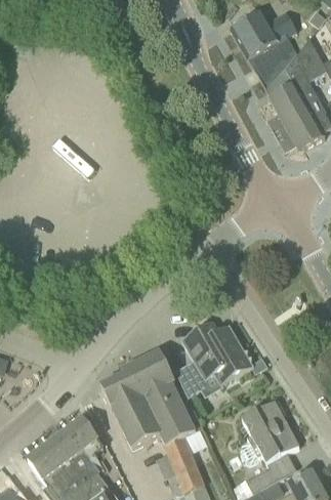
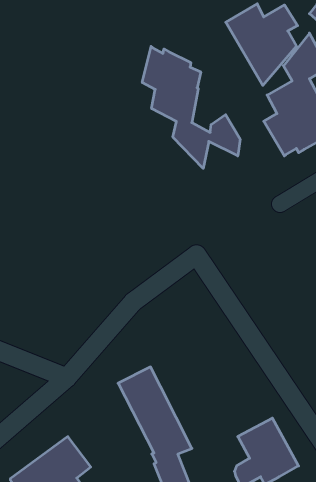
building: none -> [142,46,240,168]
building: [176,321,253,397] -> none
building: [99,367,162,448] -> none

